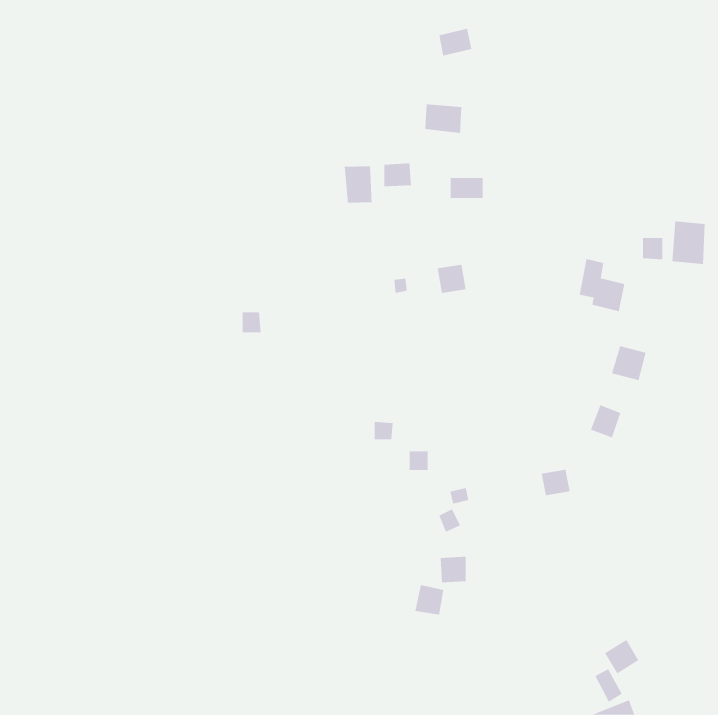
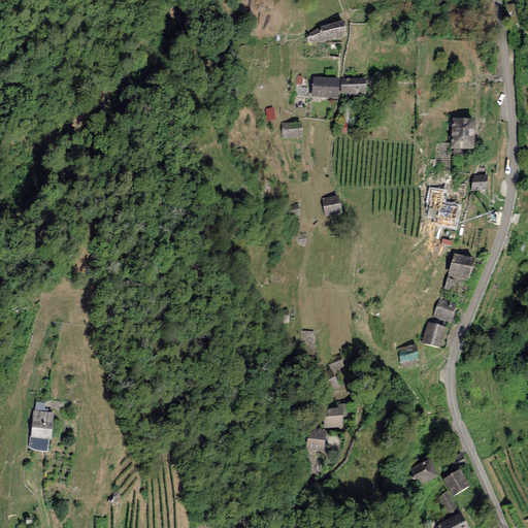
building: [344,165,372,203] -> none
building: [450,177,483,198] -> [341,77,366,93]
building: [672,221,705,264] -> [451,118,475,150]
building: none -> [422,322,447,348]
building: none -> [30,410,55,438]
building: none -> [408,458,438,486]

